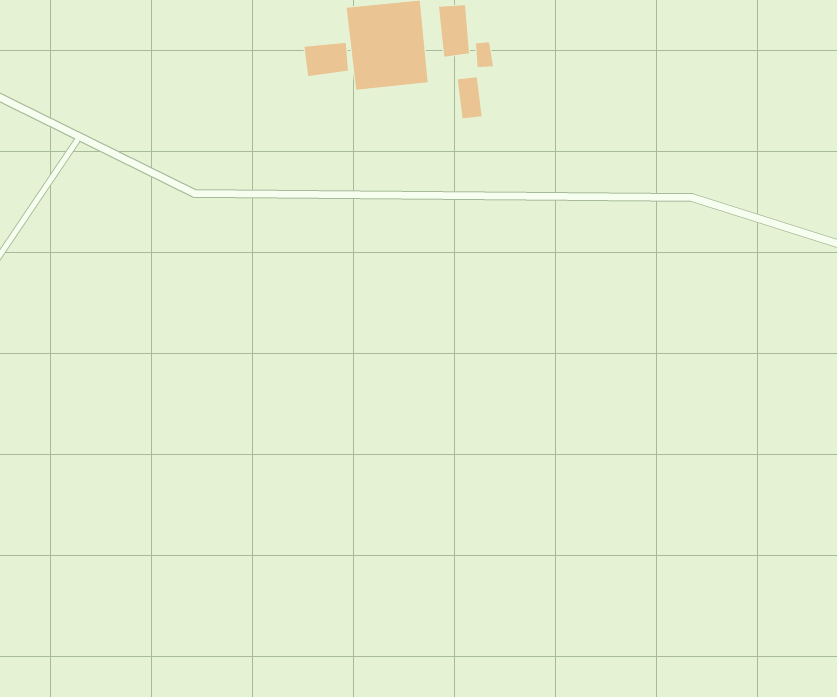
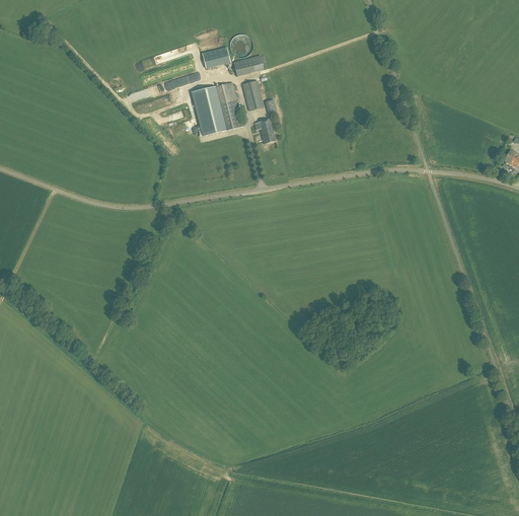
building: [304,42,348,77] -> none

